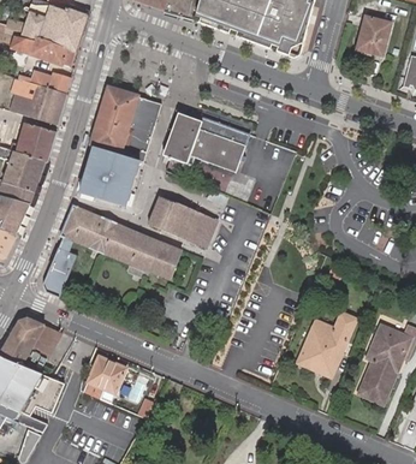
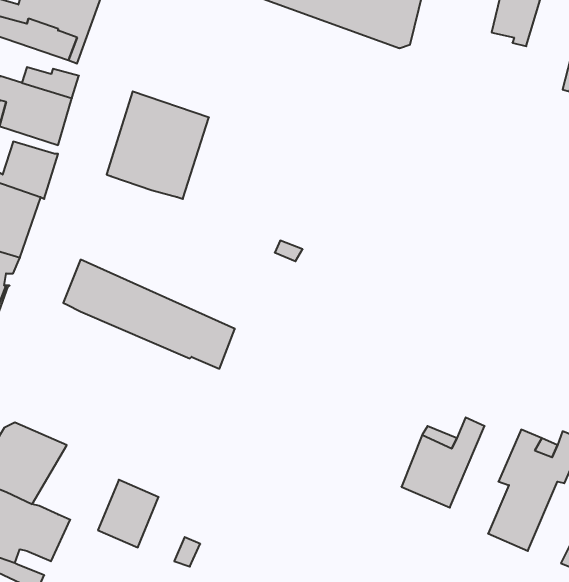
building: [166,117,250,173] -> none
building: [81,145,139,206] -> none
building: [147,196,216,249] -> none
building: [42,234,76,297] -> none

